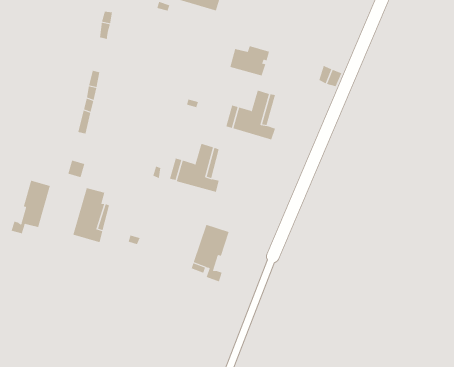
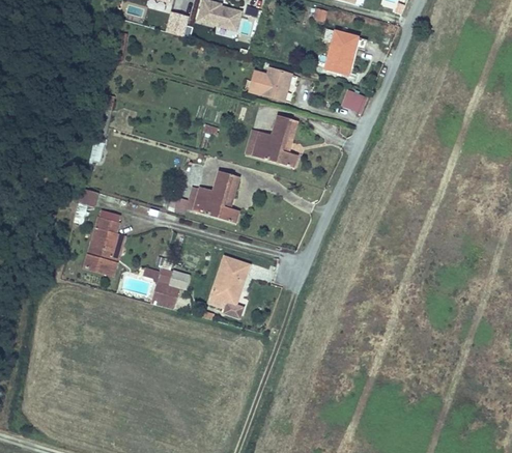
building: none -> [323,29,367,75]
building: [11,180,51,234] -> none
building: none -> [150,267,178,305]

